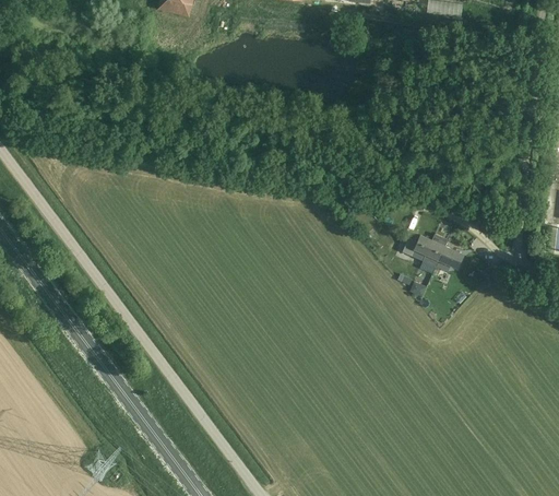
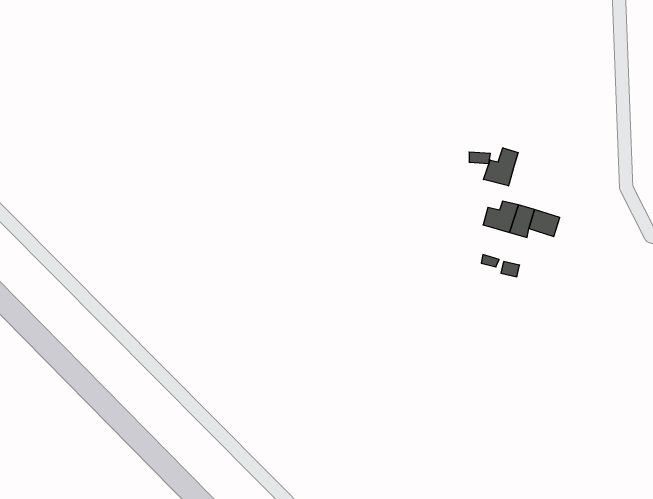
building: none -> [483,148,518,186]

